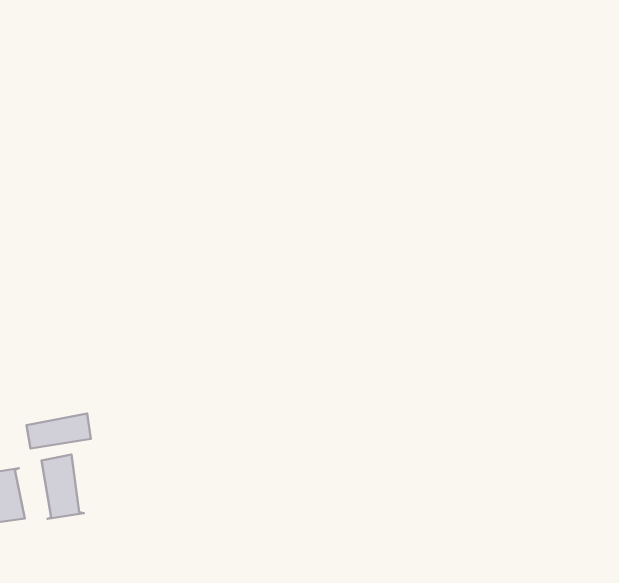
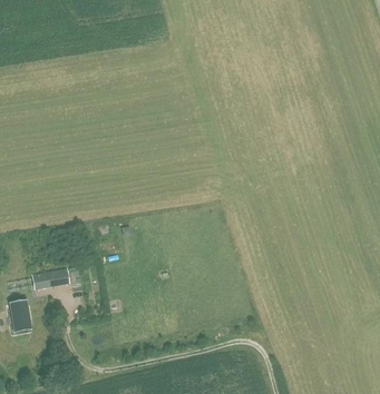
building: [42,454,84,519] -> none

